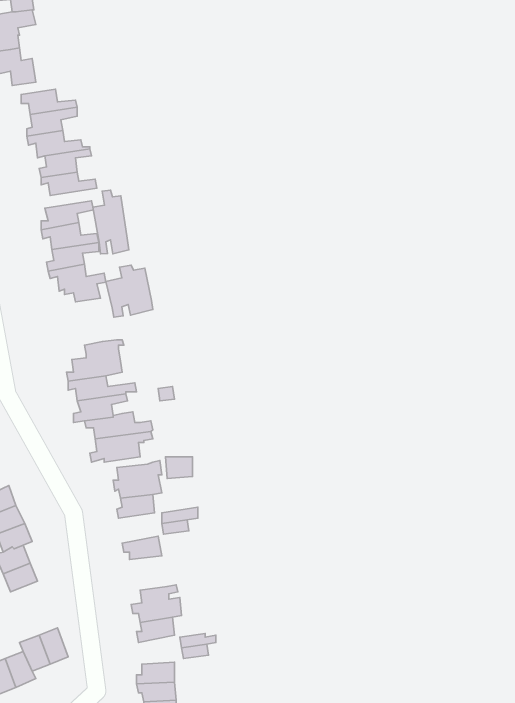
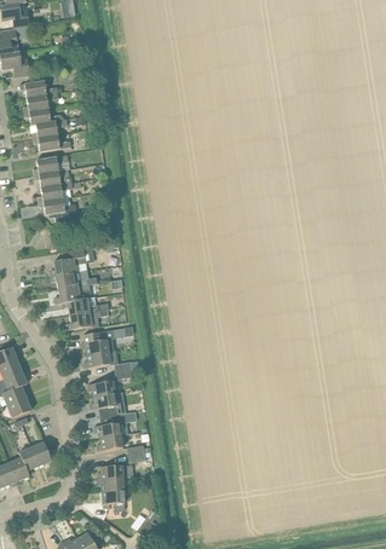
building: [93,190,129,254] -> none
building: [106,265,153,317] -> none
building: none -> [92,392,125,416]

